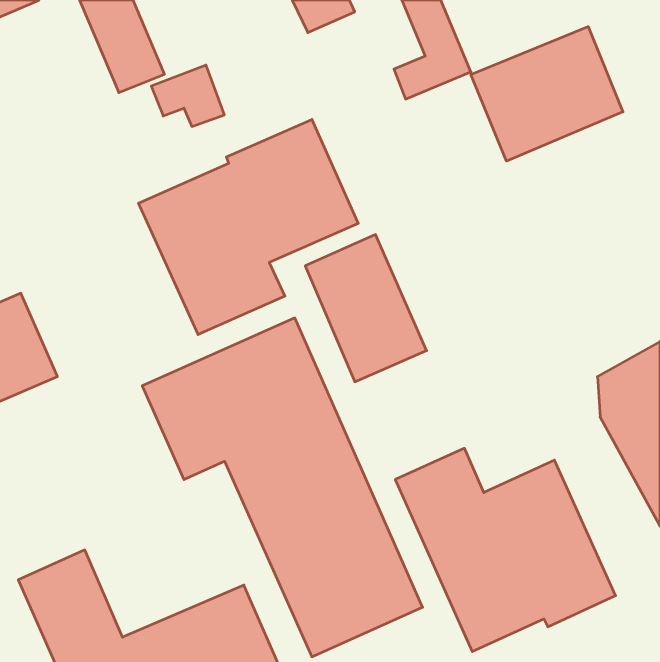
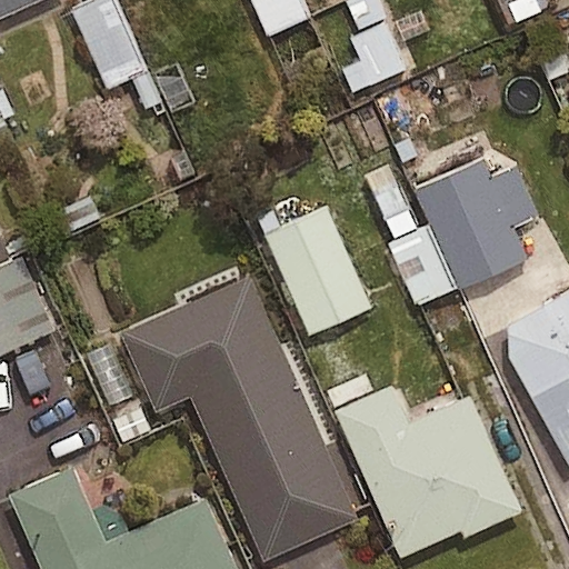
building: [471,27,623,161] -> none
building: [139,119,358,335] -> none
building: none -> [373,153,531,299]

